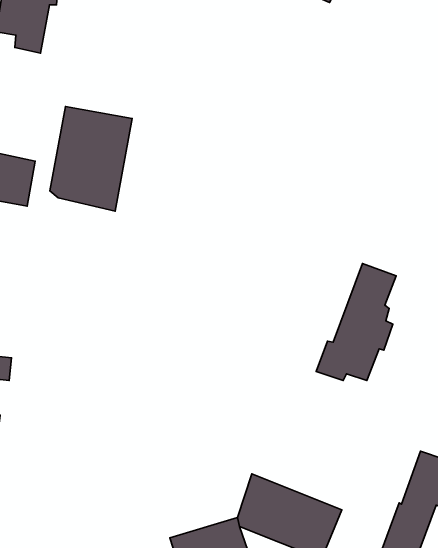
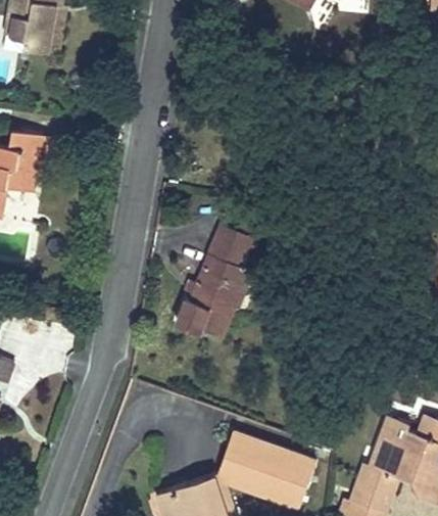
building: [50,107,132,211] -> none
building: [316,263,396,380] -> [175,228,247,334]

